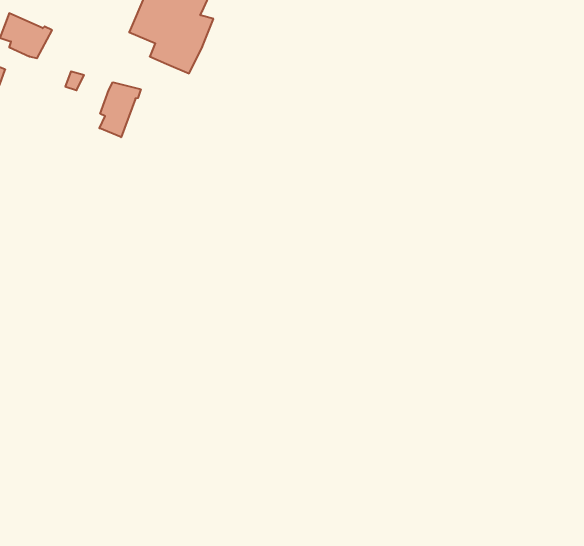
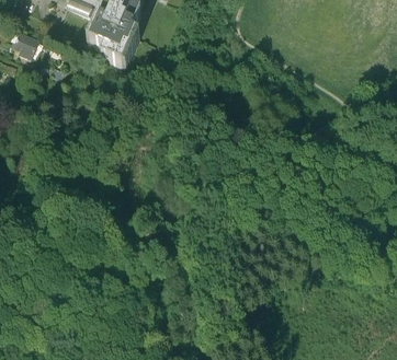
building: [99,82,141,137] -> none

